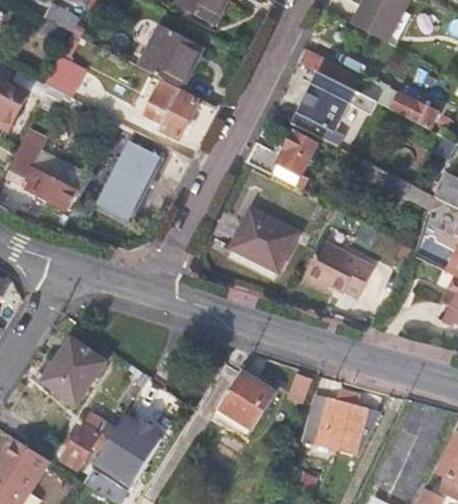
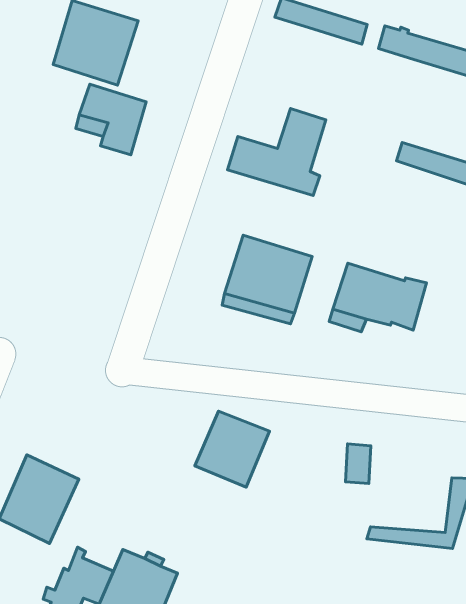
building: [295,73,356,143] -> none
building: [98,142,156,217] -> none
building: [220,370,276,426] -> [195,411,270,487]
building: [304,388,369,442] -> none

